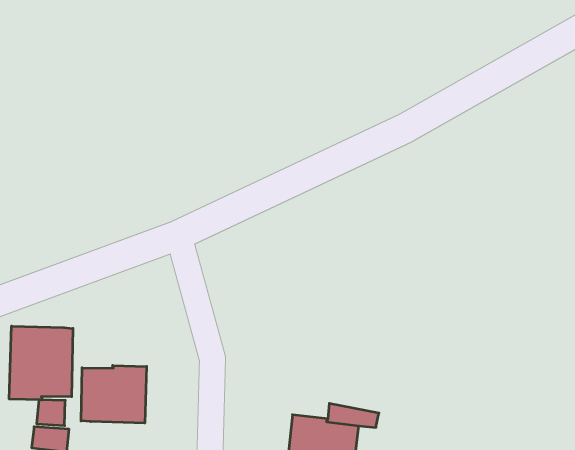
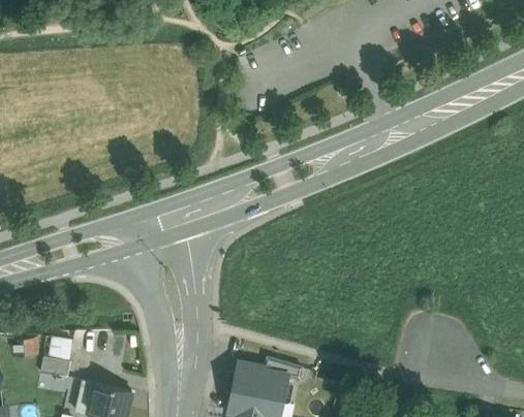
building: [9,326,73,400] -> none
building: [81,365,147,423] -> none

